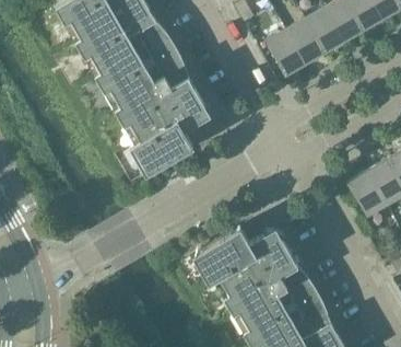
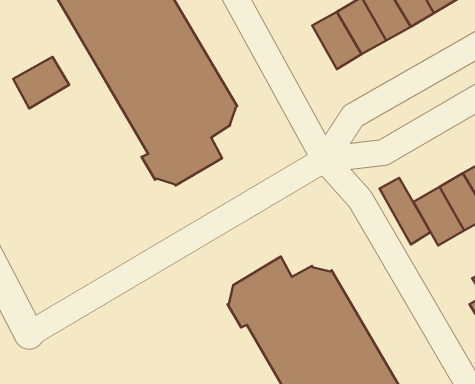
building: none -> [13,57,69,108]
building: none -> [380,178,431,244]

